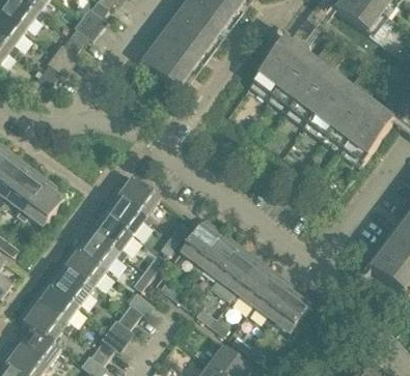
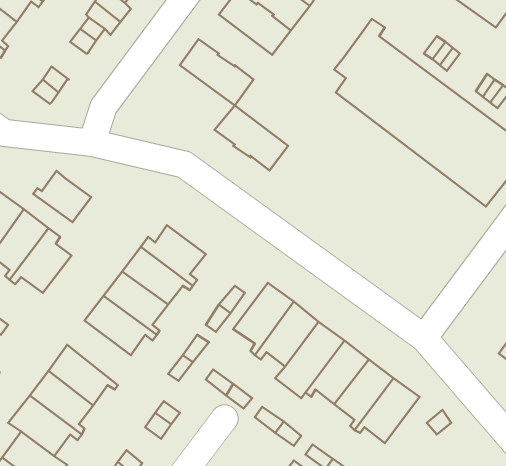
building: [156,25,209,71] -> [214,105,288,170]
building: none -> [33,171,91,222]
building: [61,244,107,291] -> none

